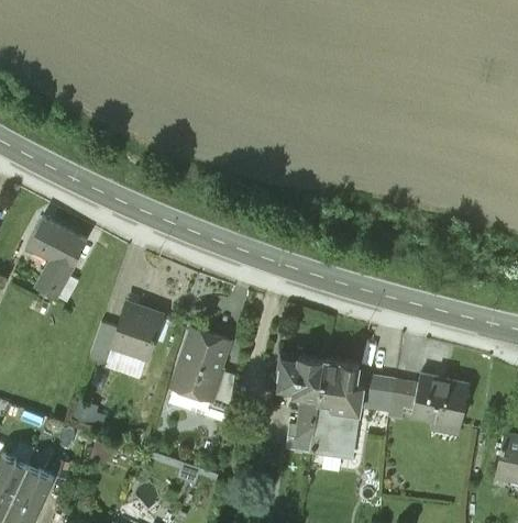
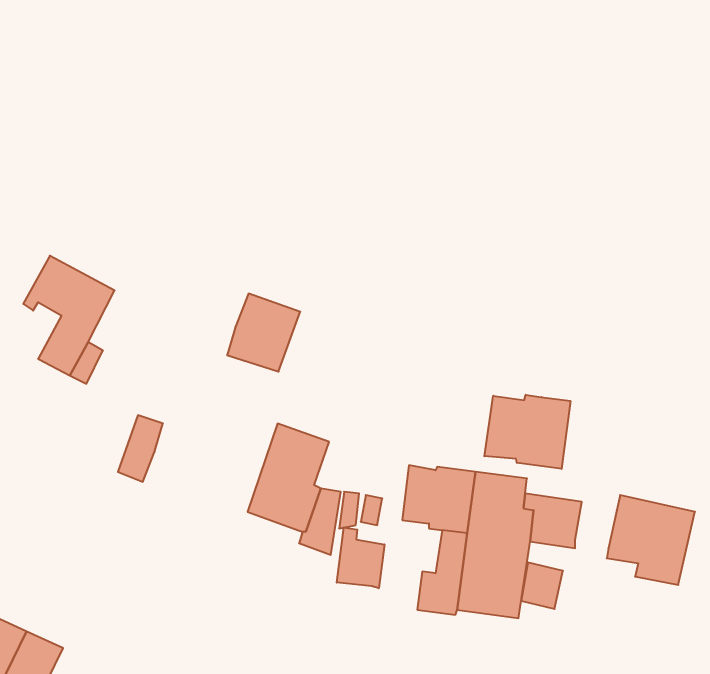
building: [112,307,161,358] -> [227,294,300,372]
building: none -> [484,395,570,469]
building: [390,380,418,411] -> [521,562,563,609]
building: none -> [337,527,384,588]

